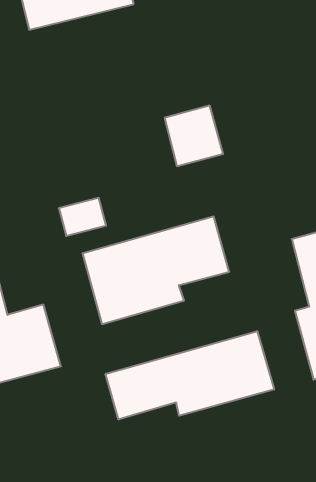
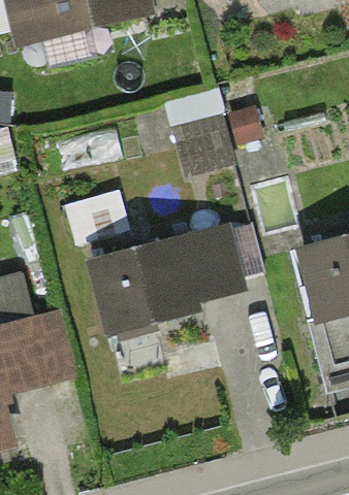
building: [106,331,274,420] -> none

